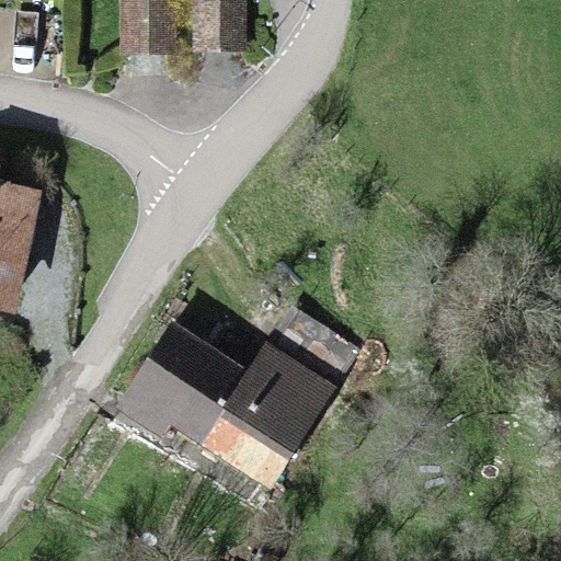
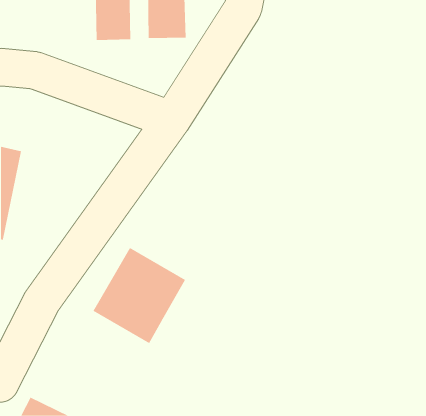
building: [217,344,325,455] -> none

